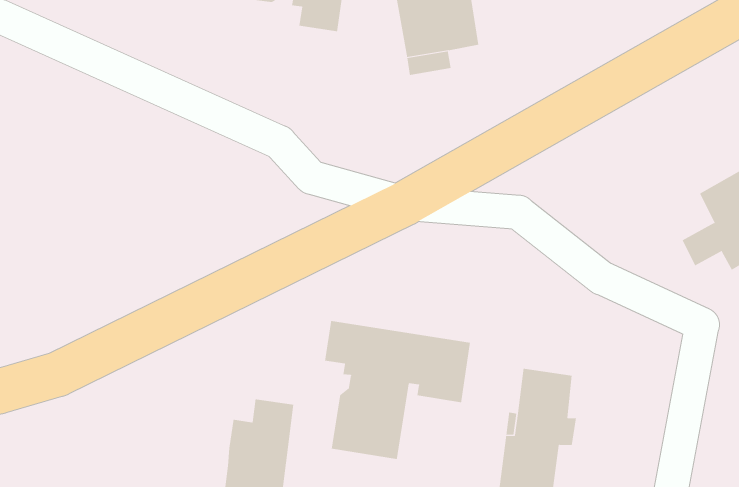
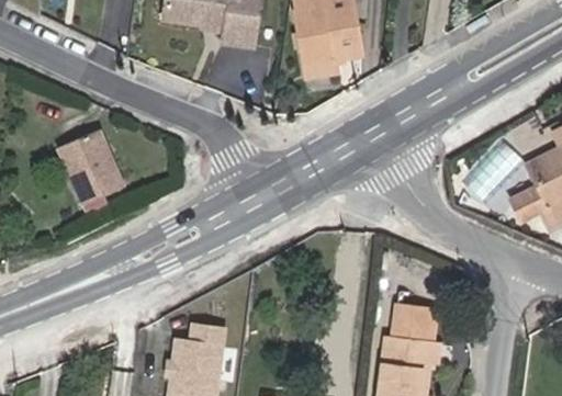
building: none -> [56,135,121,210]
building: [324,320,471,460] -> none

